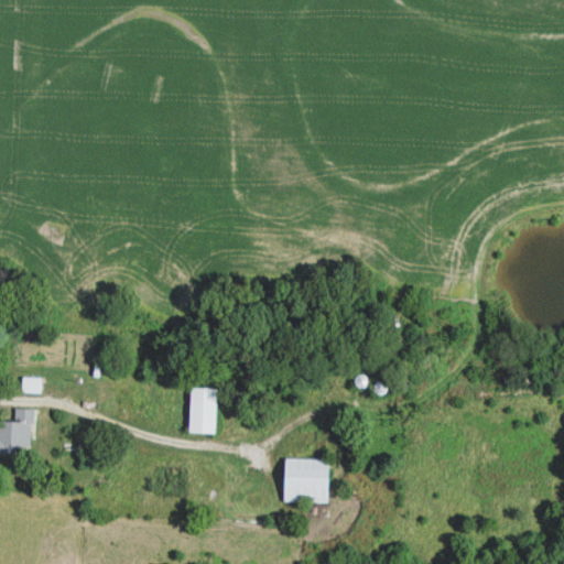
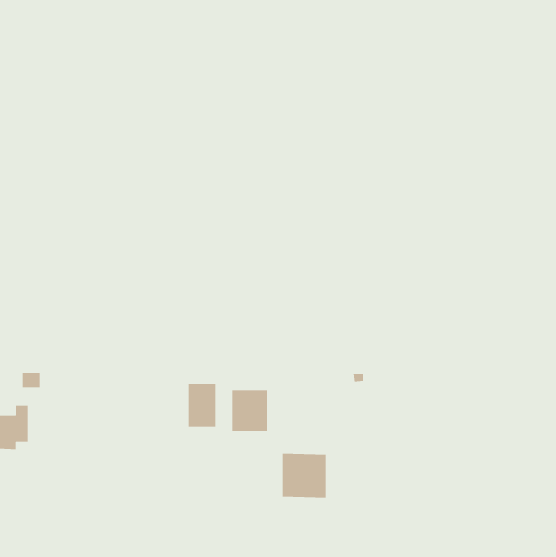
building: none -> [232,390,268,432]

